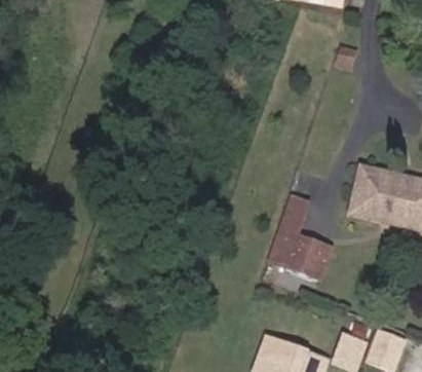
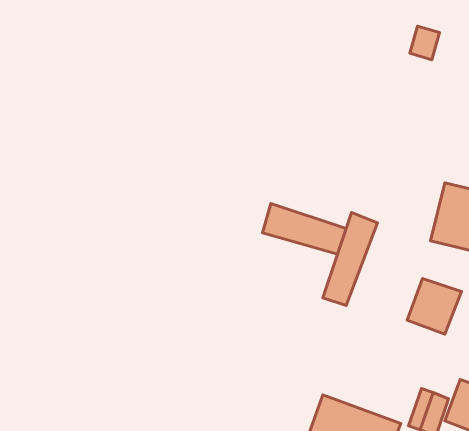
building: none -> [263,203,346,254]
building: [284,232,328,276] -> [407,279,462,334]

